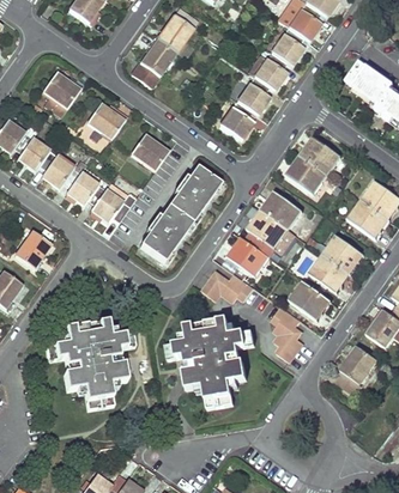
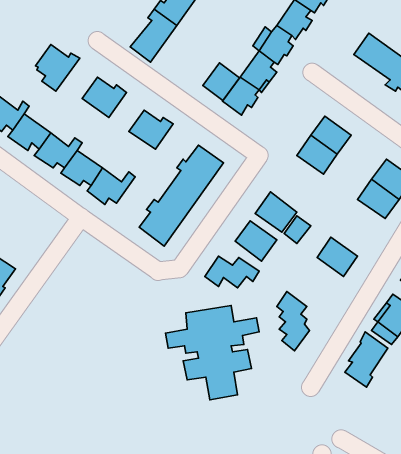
building: none -> [203,63,239,101]
building: [265,193,303,230] -> none
building: [14,230,52,269] -> none
building: [322,235,362,272] -> none
building: [289,280,330,318] -> none
building: [44,319,134,409] -> none

